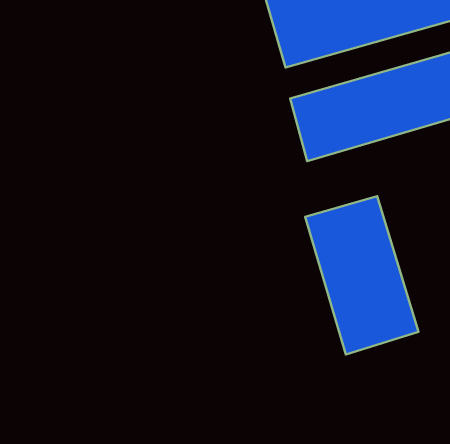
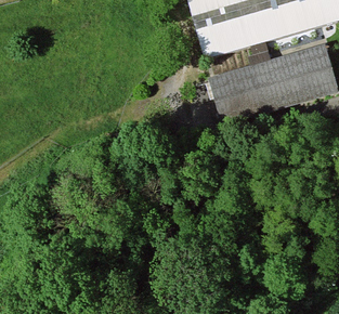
building: [305,196,419,354] -> none

